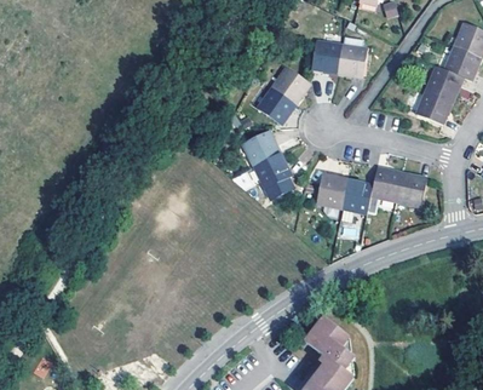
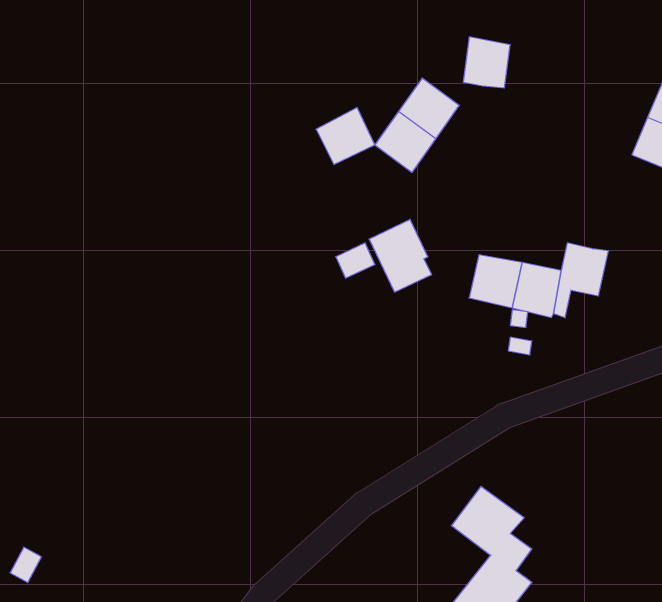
building: [337,45,366,76] -> none
building: [242,130,278,165] -> [316,108,375,164]
building: [395,172,426,205] -> none

